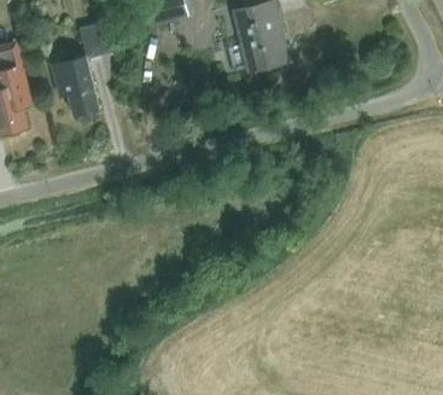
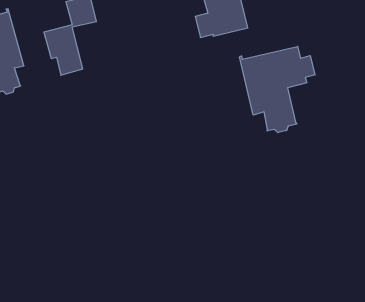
building: none -> [239,46,315,133]

